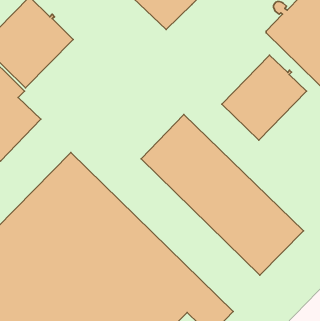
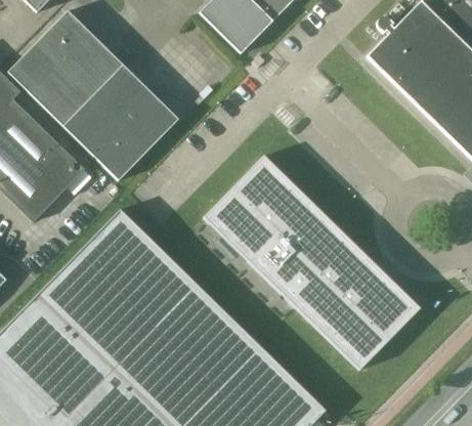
building: none -> [63,67,180,182]
building: [222,55,307,140] -> none

